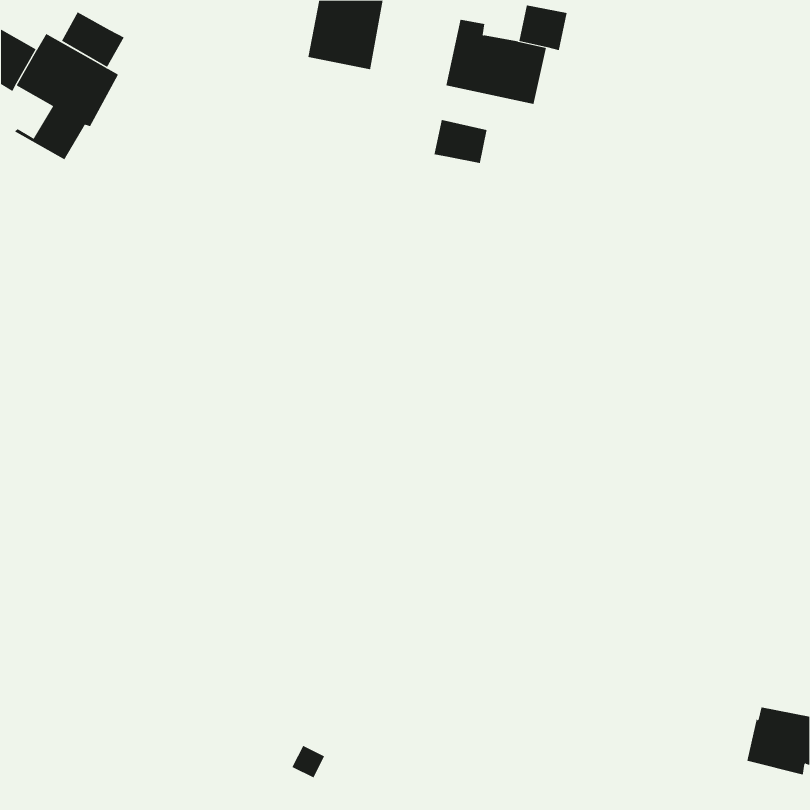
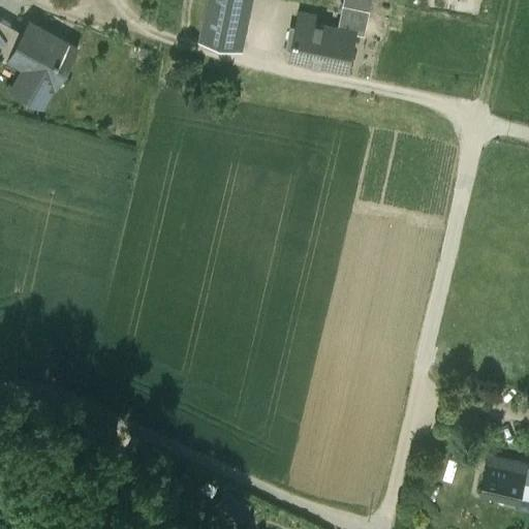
building: [61,11,124,68] -> none
building: [434,119,487,164] -> none

